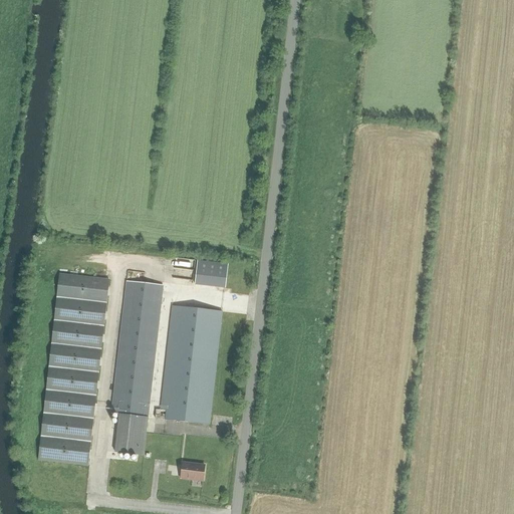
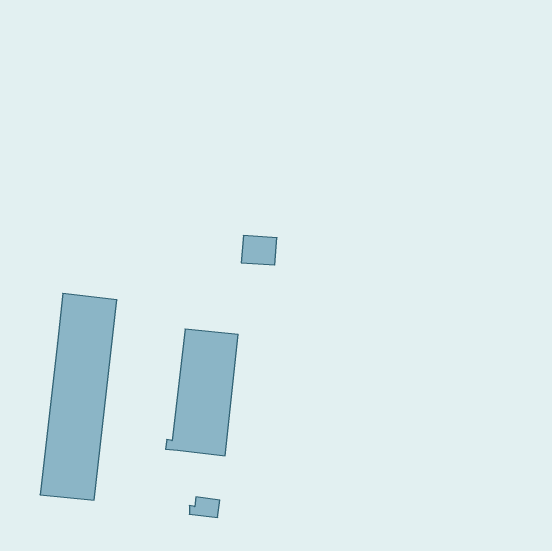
building: [195,258,228,285] -> [241,236,277,265]
building: [110,280,162,454] -> none

